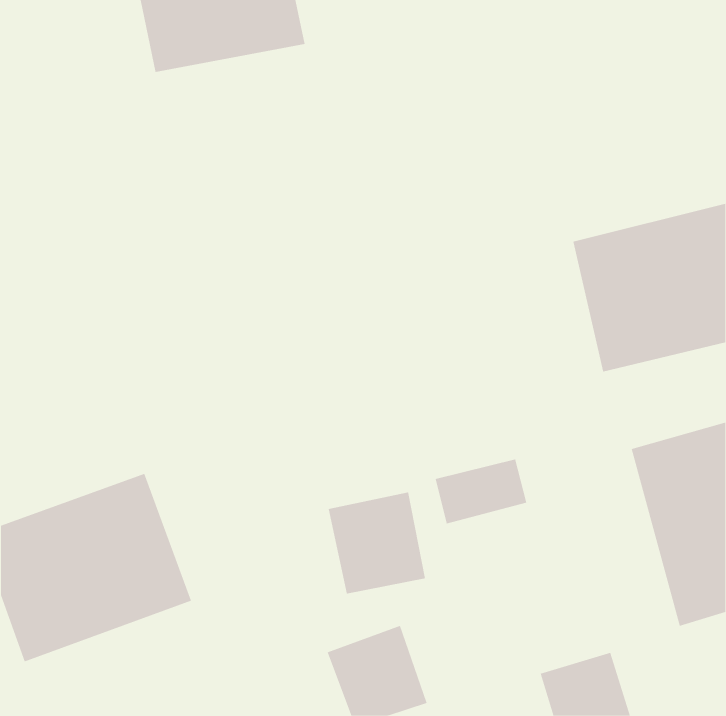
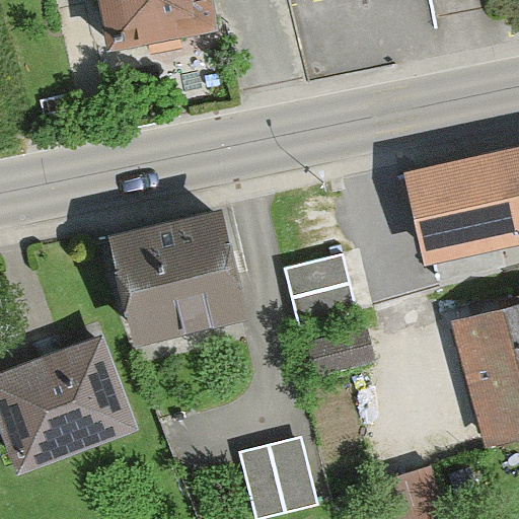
building: none -> [108,212,243,344]
building: [328,492,426,594] -> [282,245,352,318]

